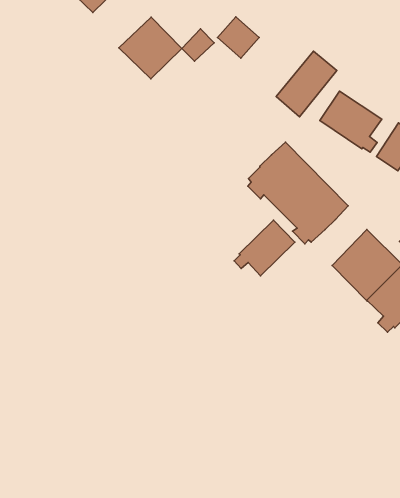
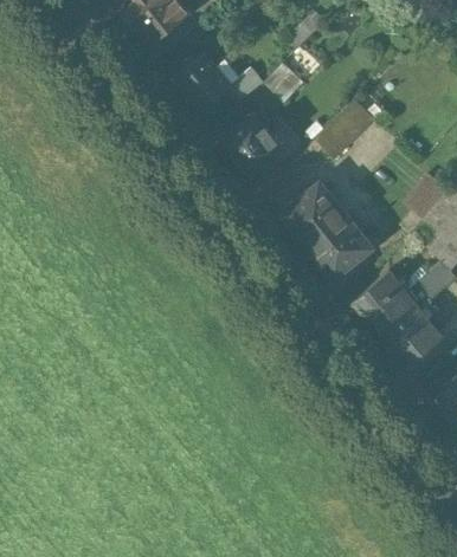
building: none -> [221,109,285,175]
building: [320,91,382,152] -> none
building: [234,220,295,276] -> none

